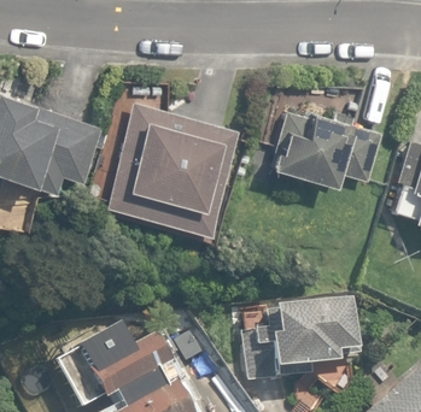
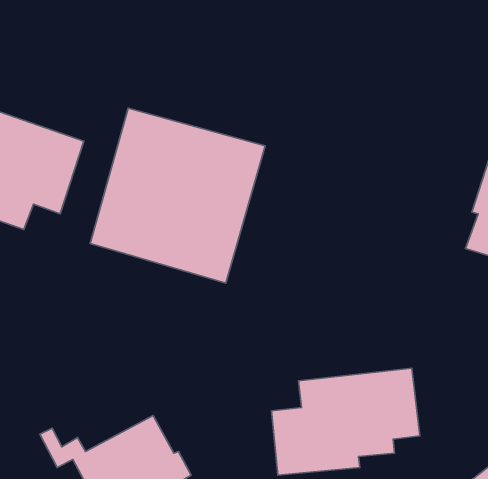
building: [271,111,381,187] -> none

